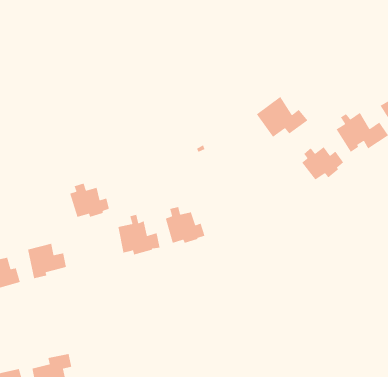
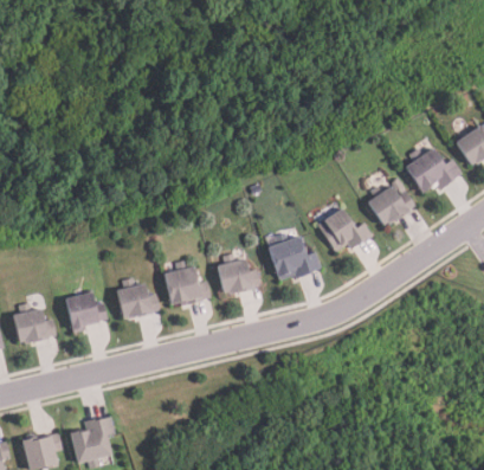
building: [256,96,308,138] -> [317,207,375,253]
building: [69,182,110,218] -> [115,279,160,318]
building: none -> [266,234,321,282]

